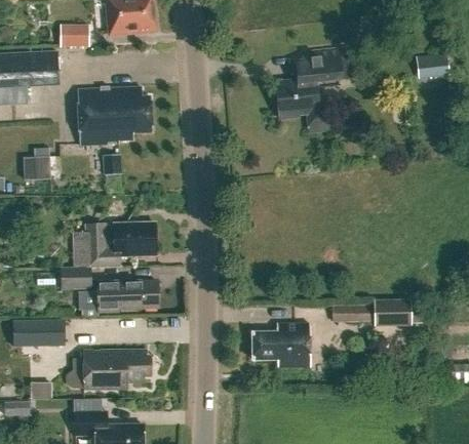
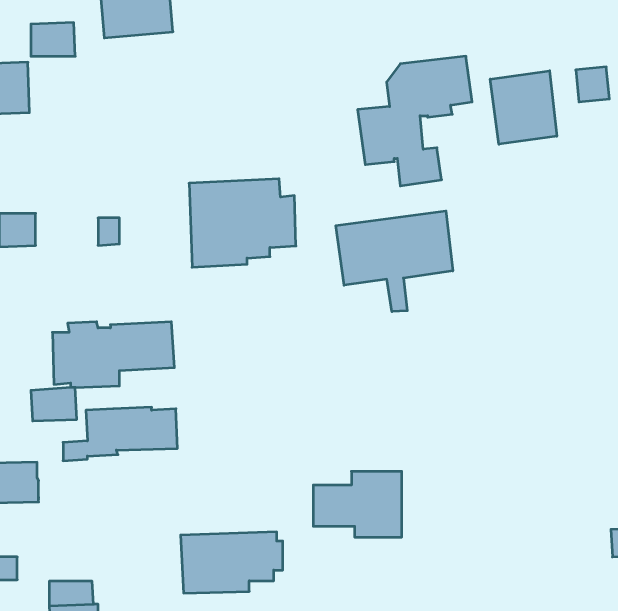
building: none -> [490,71,557,144]
building: [78,87,150,147] -> [189,179,296,267]
building: none -> [336,211,453,312]
building: [331,297,411,324] -> none
building: [79,352,148,393] -> [181,532,283,593]

